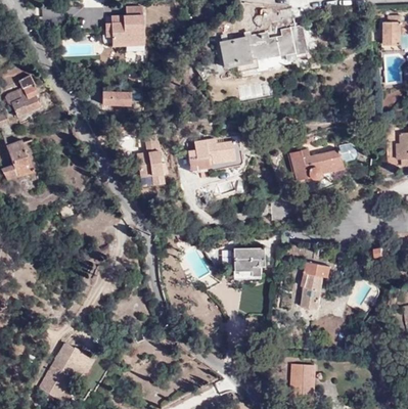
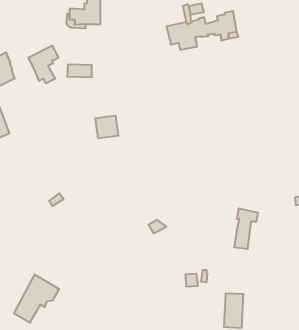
building: none -> [28,46,58,83]
building: [187,138,242,171] -> none
building: [288,143,356,181] -> none
building: [232,247,262,275] -> none

